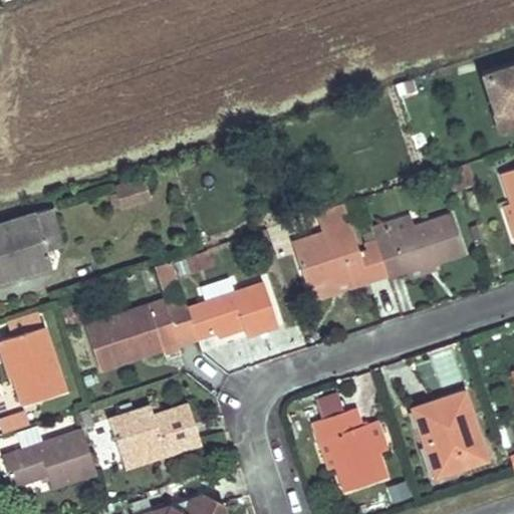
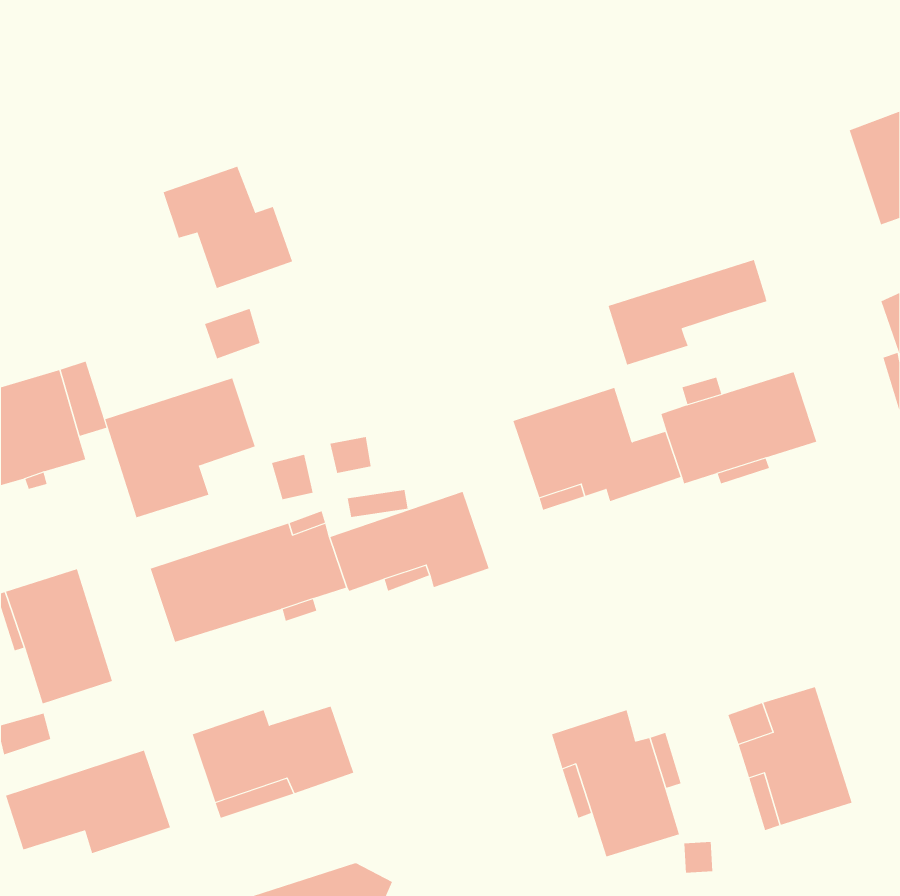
building: none -> [163,166,293,289]
building: none -> [608,259,767,365]
building: none -> [105,377,256,518]

